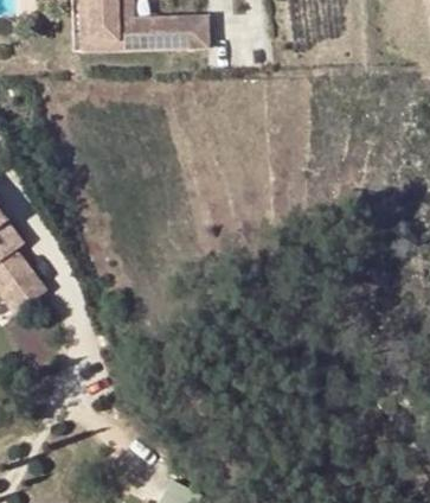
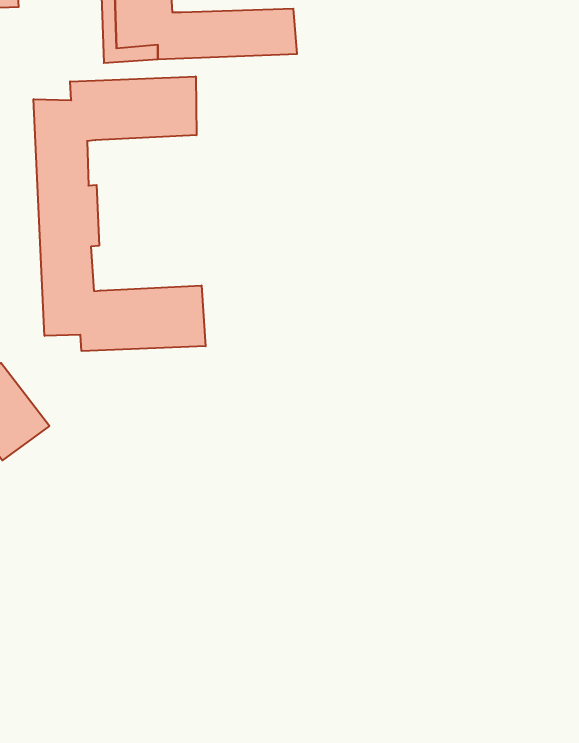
building: none -> [34,76,206,351]

